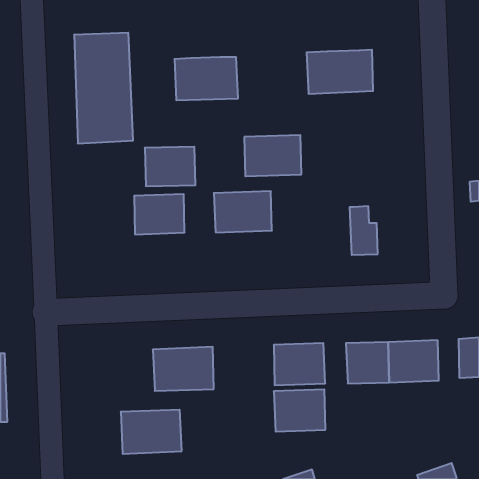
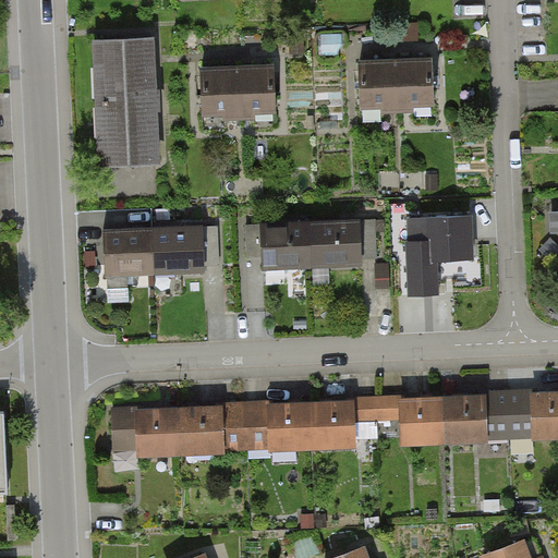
building: [244,135,301,176] -> [315,220,381,268]
building: [145,147,195,186] -> [98,228,157,274]
building: none -> [410,217,472,259]
building: [274,389,325,432] -> [259,401,319,450]
building: [121,410,182,454] -> [109,407,180,458]

